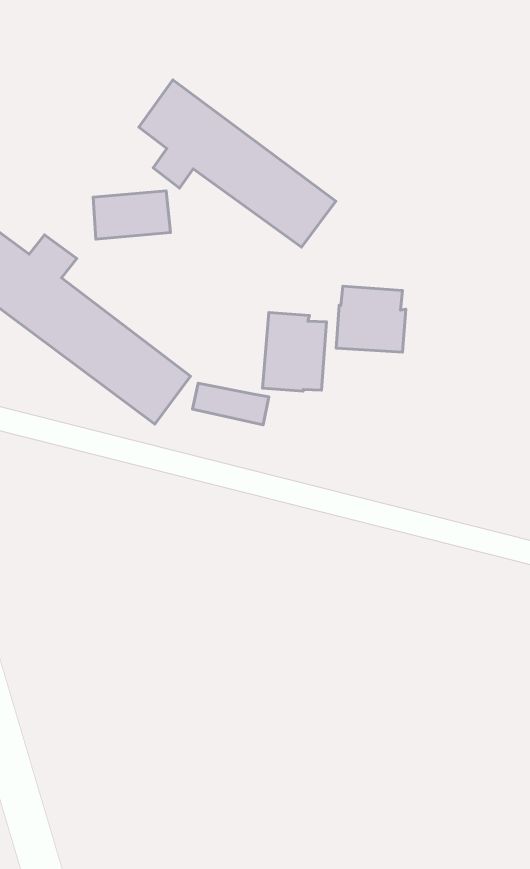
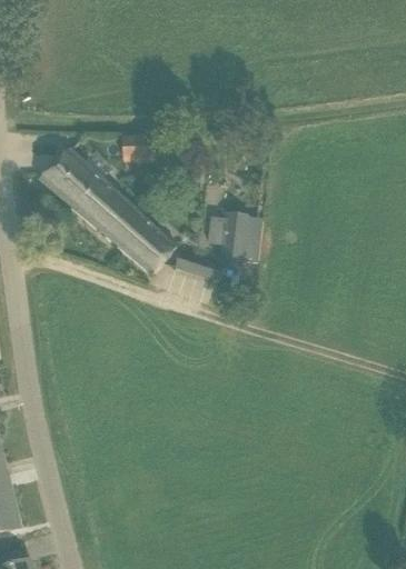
building: [139,80,336,247] -> none
building: [336,286,406,352] -> none

